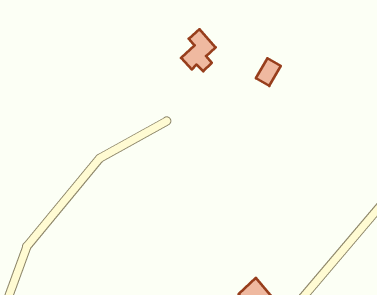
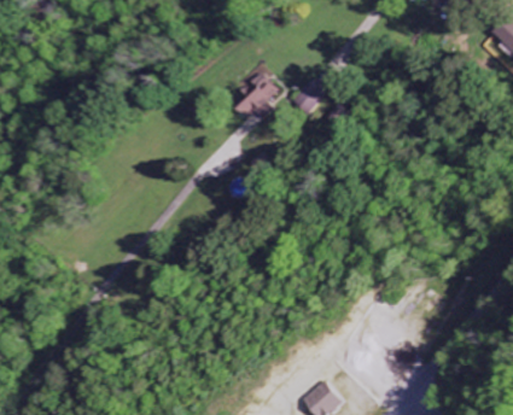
building: [256,58,281,86] -> [291,77,322,112]

